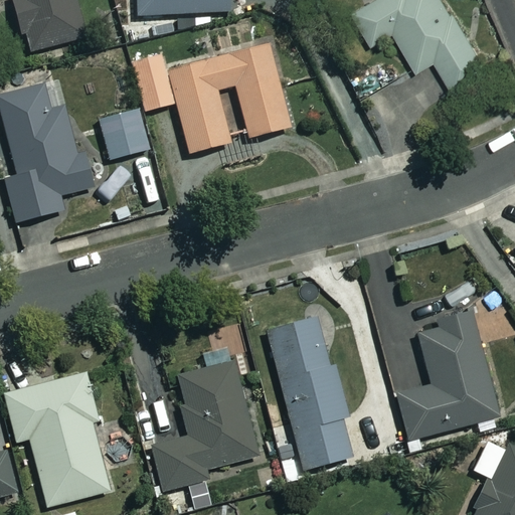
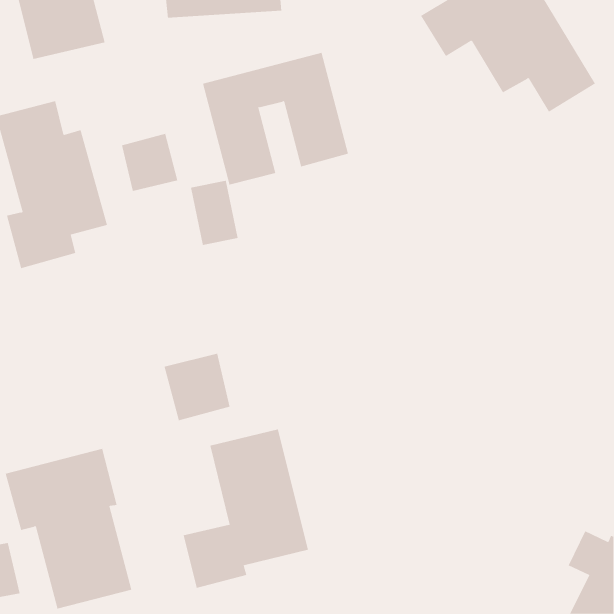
building: [131,56,171,111] -> [190,180,239,246]
building: none -> [164,353,230,421]
building: [396,313,498,439] -> none
building: [268,317,351,470] -> none

